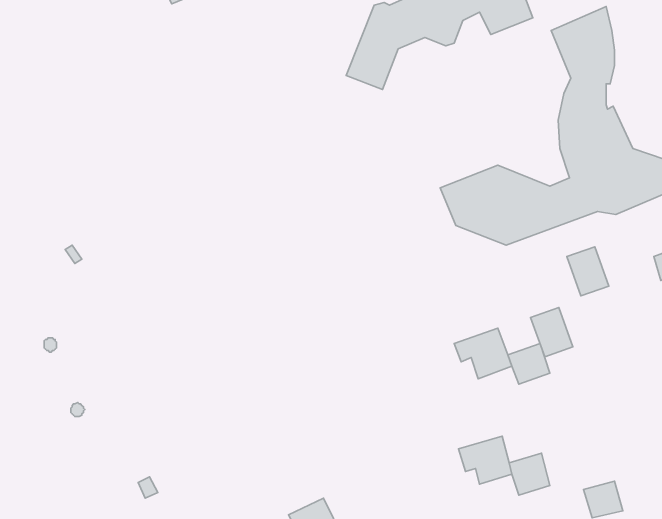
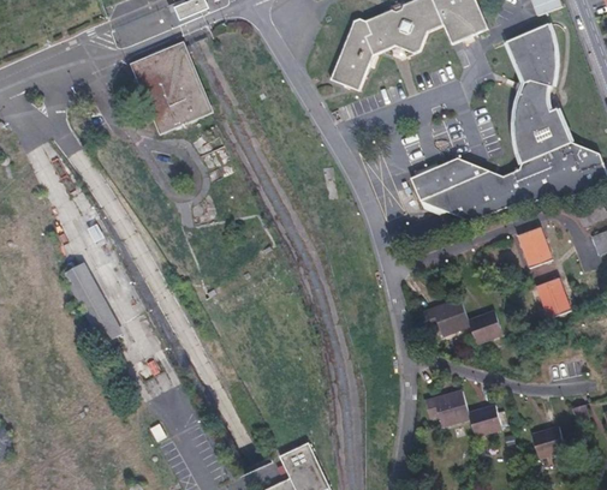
building: none -> [132,40,214,133]
building: none -> [64,262,123,343]
building: [531,308,573,357] -> [536,276,572,318]

